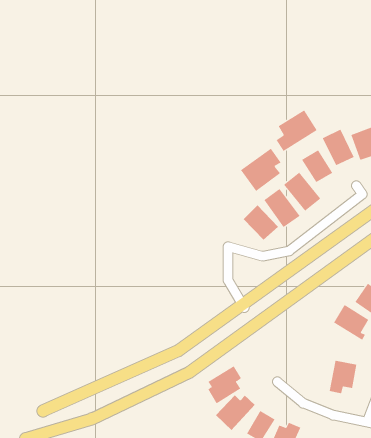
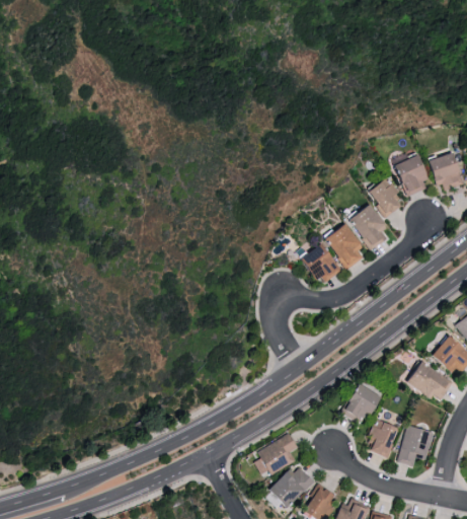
building: [276,110,317,152] -> none
building: [240,148,281,192] -> none
building: none -> [342,383,379,420]
building: none -> [368,420,397,457]

